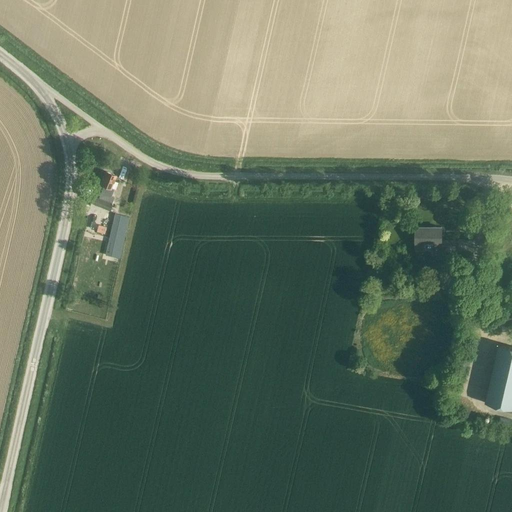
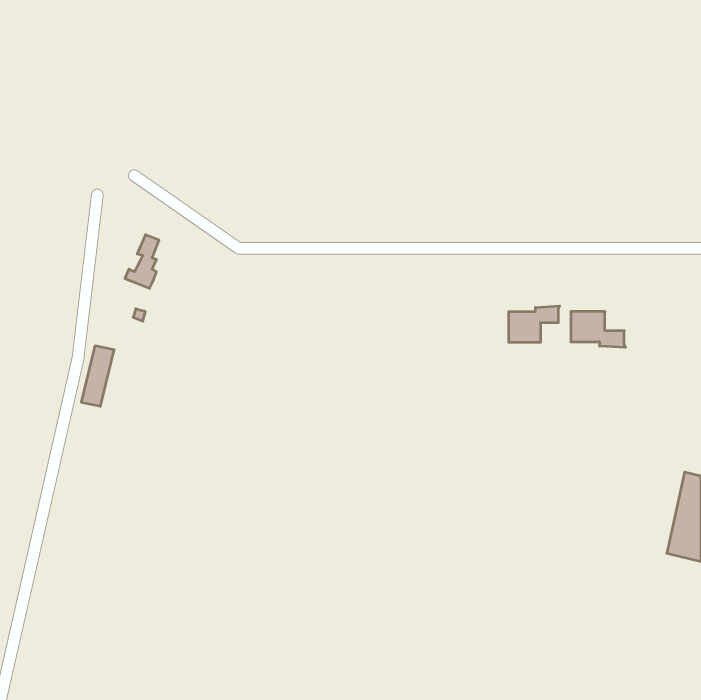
building: [105,215,129,259] -> [81,346,114,406]
building: none -> [509,306,560,342]

